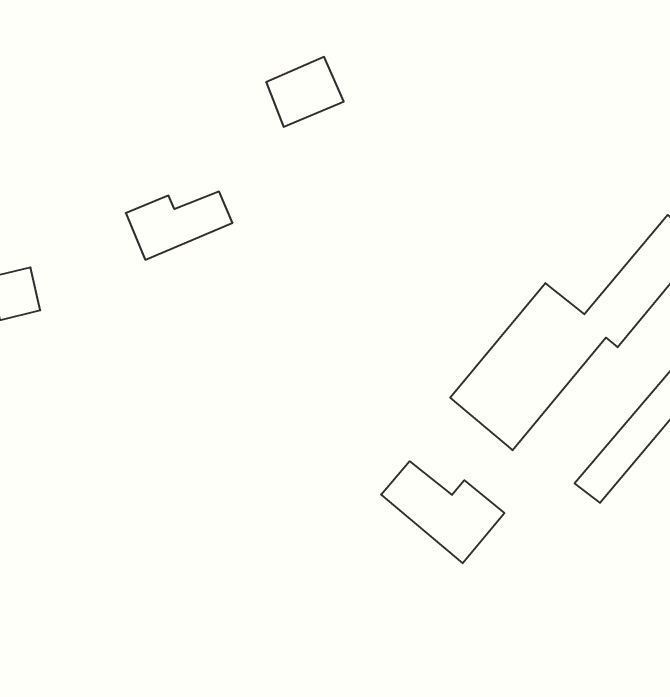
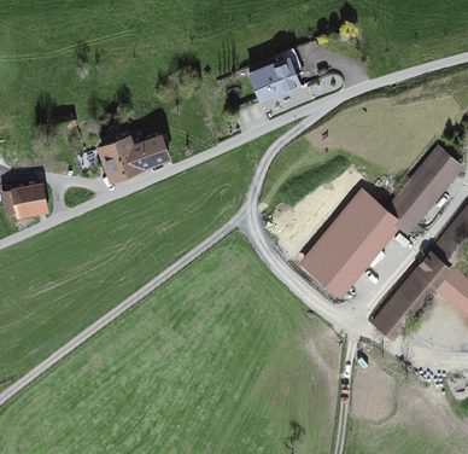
building: [266,57,344,127] -> [251,57,299,100]
building: [381,461,504,563] -> none

